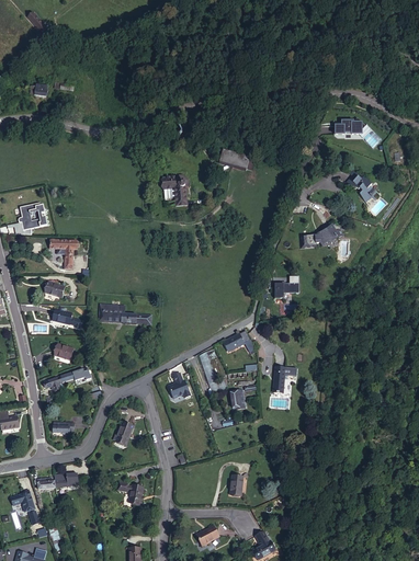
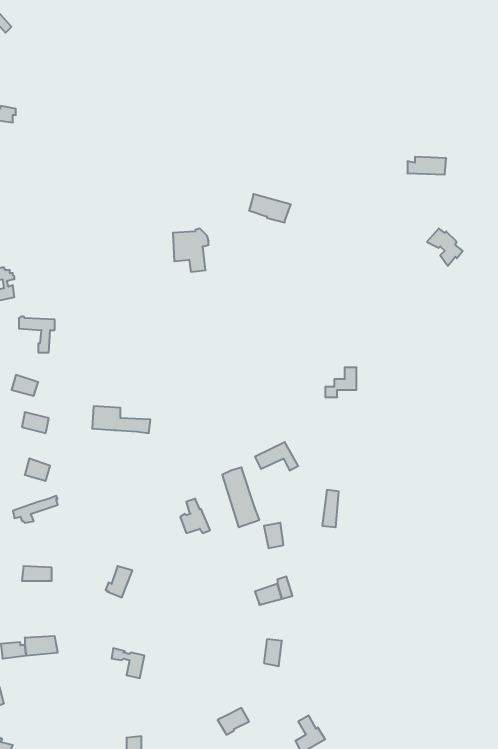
building: [301,225,343,247] -> none

